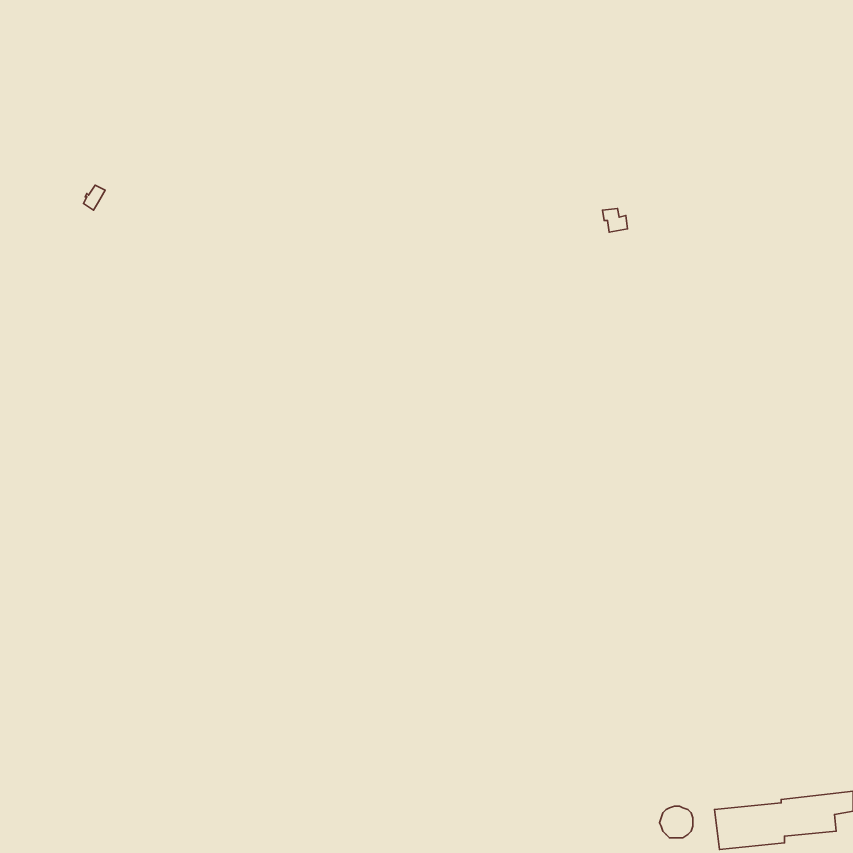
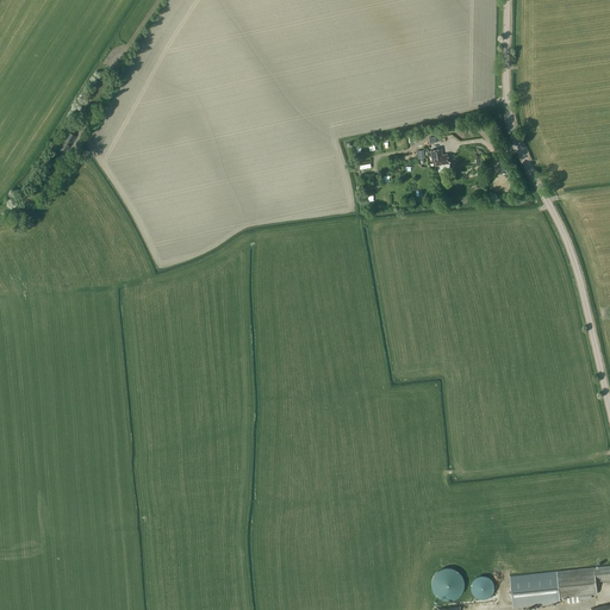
building: none -> [434,568,460,599]

